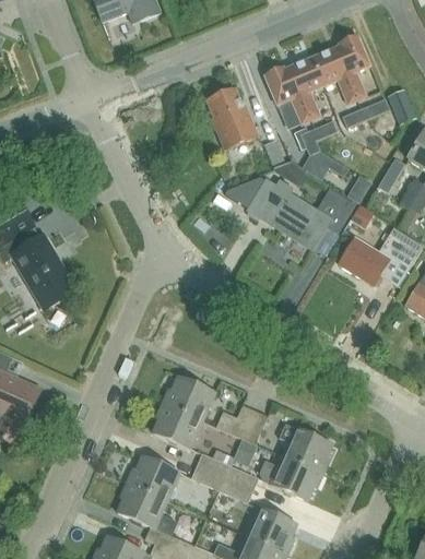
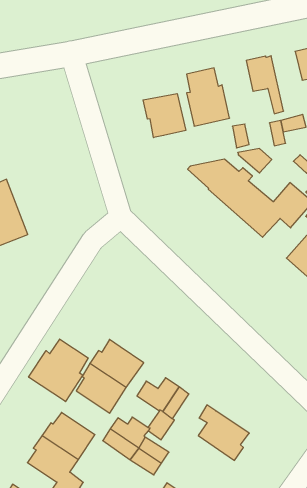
building: [288,58,323,119] -> none
building: none -> [143,94,186,138]
building: none -> [29,339,88,402]
building: [260,455,322,500] -> none

